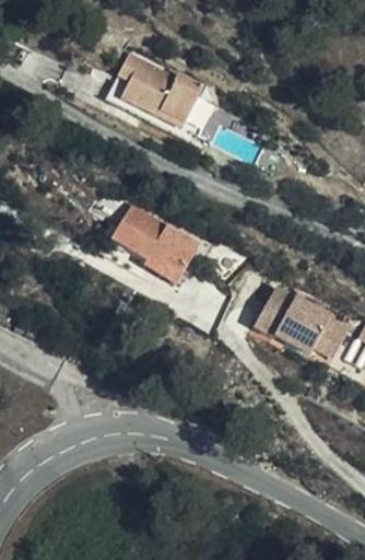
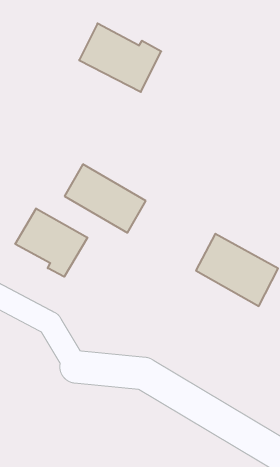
building: none -> [15,208,87,277]

